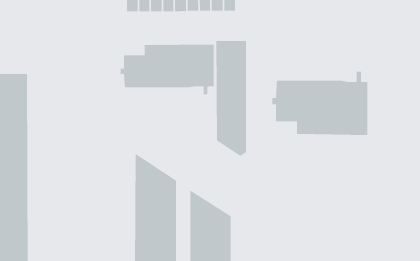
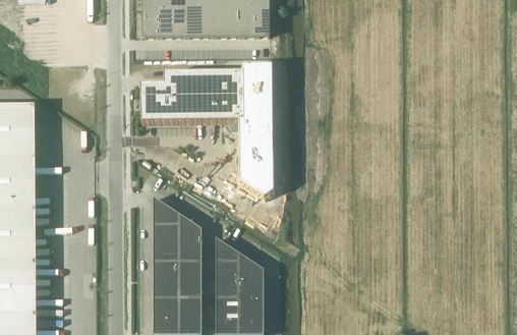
building: [272,71,368,136] -> none

